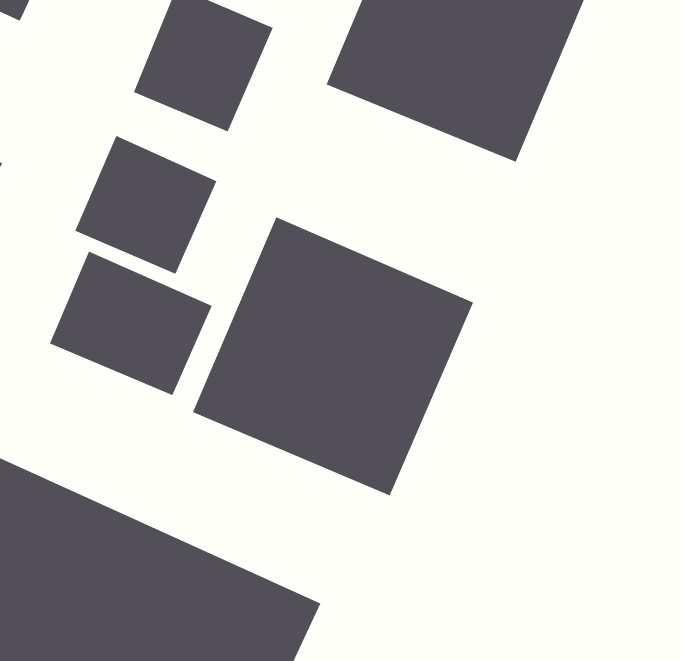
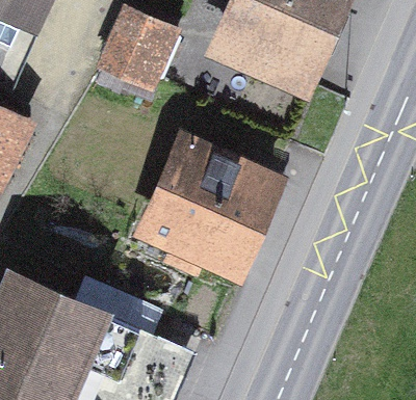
building: [74,135,217,275] -> none
building: [49,251,213,396] -> none

